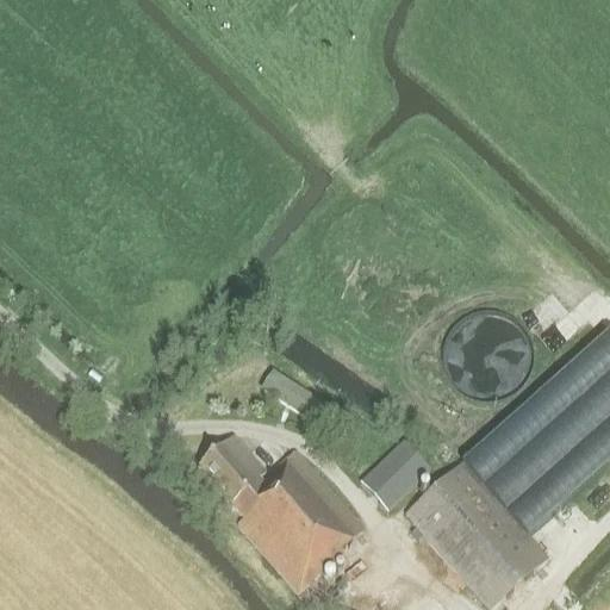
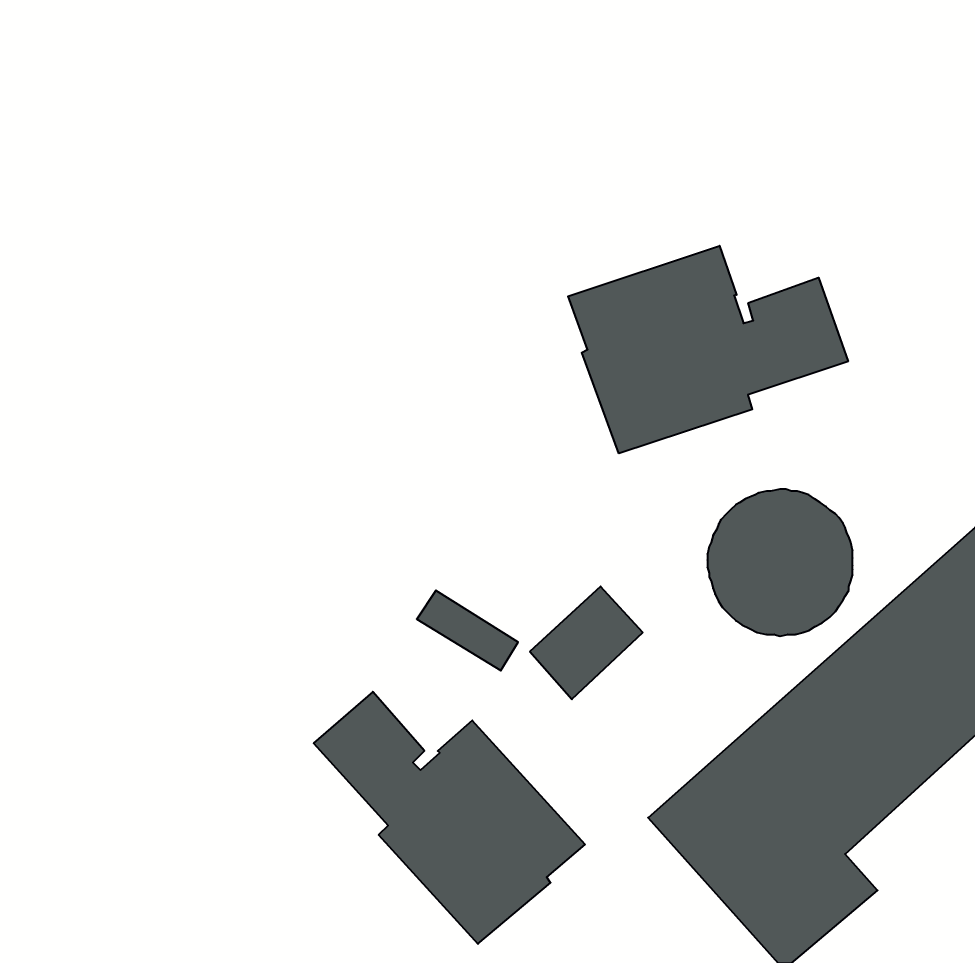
building: none -> [568,246,848,453]
building: [360,438,430,509] -> [530,586,643,699]

